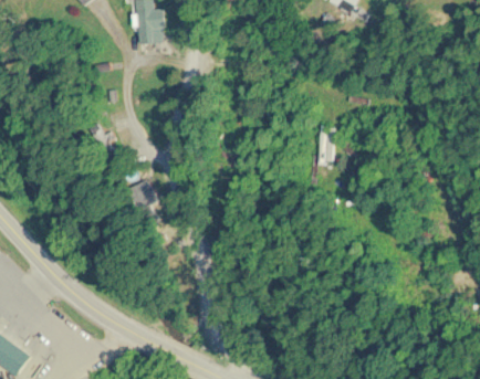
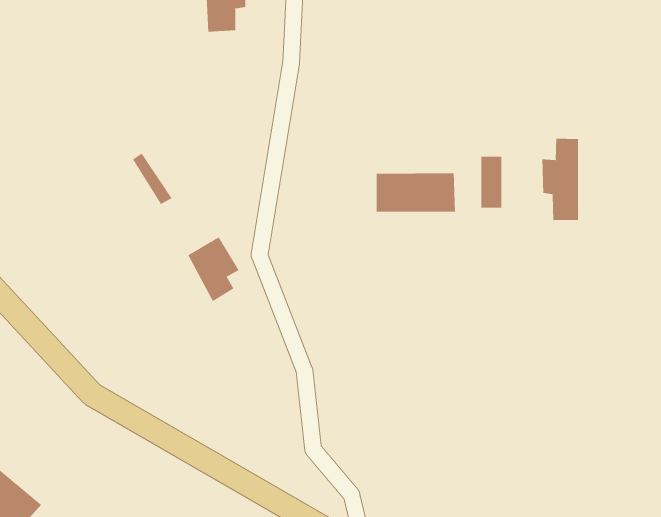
building: none -> [542,138,579,221]
building: none -> [376,172,455,213]

